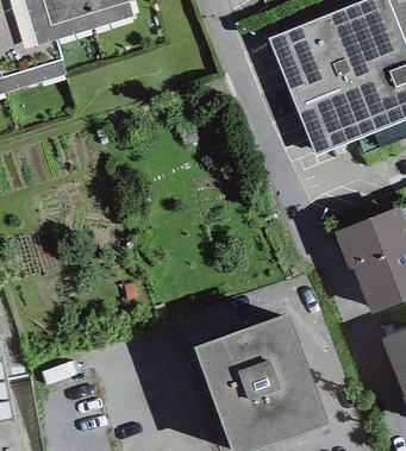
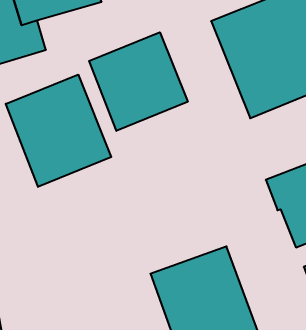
building: none -> [89,32,188,131]
building: none -> [6,75,111,187]

